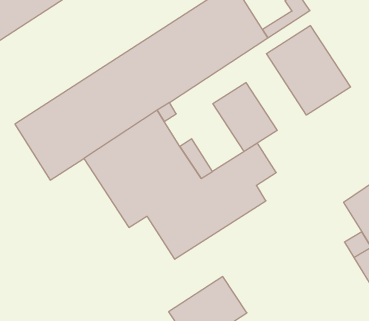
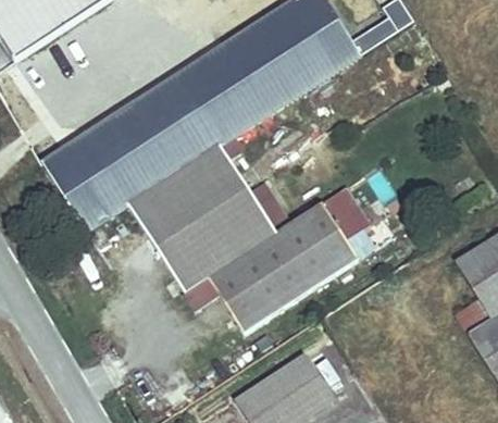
building: [266,26,351,115] -> none
building: [213,83,277,151] -> none

